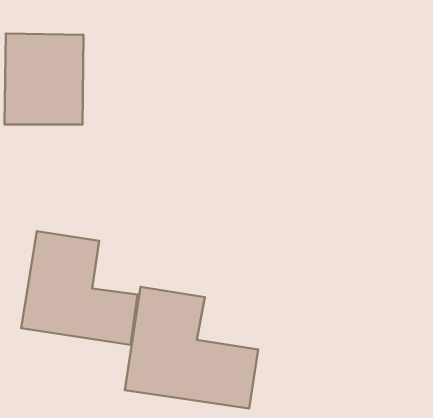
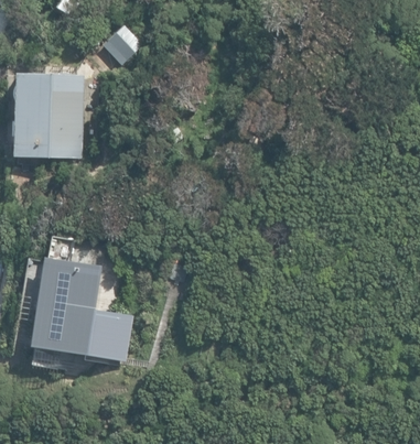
building: [125,287,258,409] -> none

